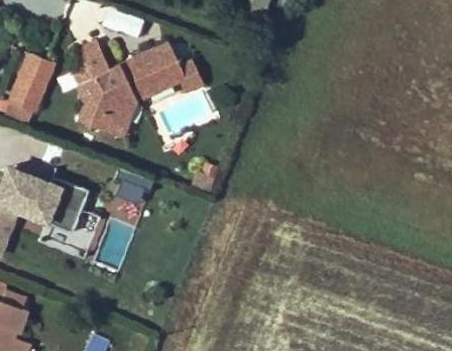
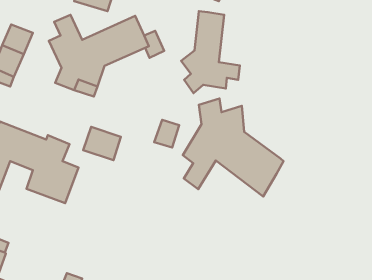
building: none -> [181,11,240,93]
building: none -> [183,99,284,196]

